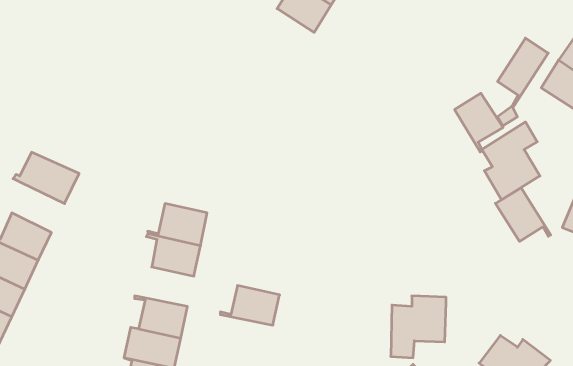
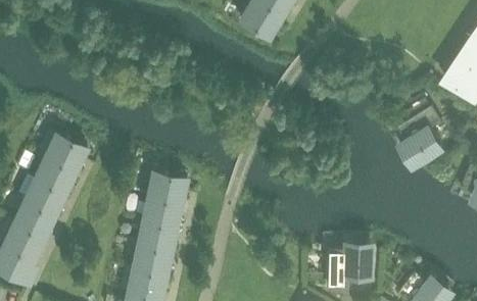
building: [498,38,548,106] -> none
building: [455,93,503,152] -> none
building: none -> [35,156,76,195]
building: [495,188,551,241] -> none
building: [220,286,280,325] -> [130,221,176,252]

